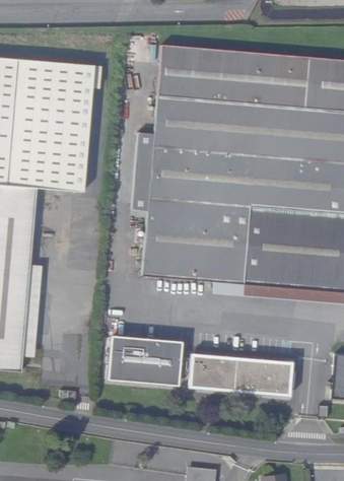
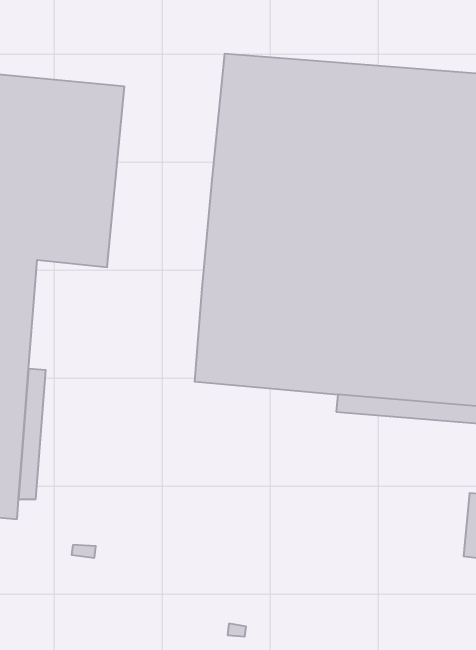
building: [131,130,154,208] -> none
building: [110,336,183,385] -> none
building: [190,355,293,394] -> none

